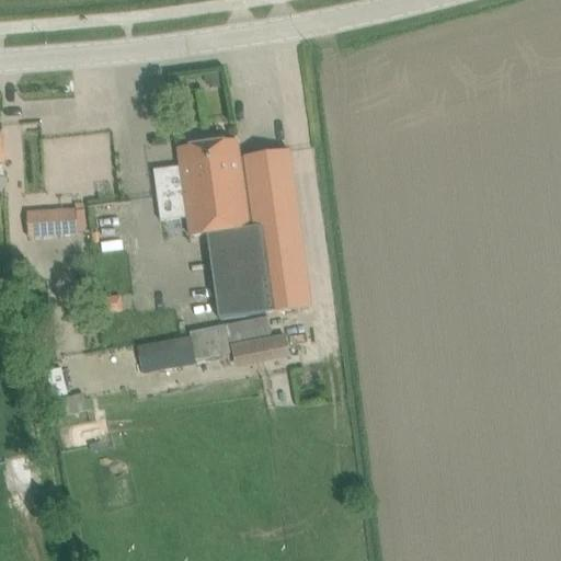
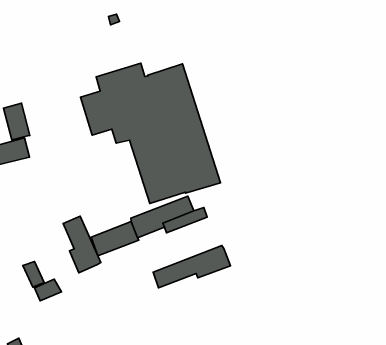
building: none -> [4,103,30,140]
building: none -> [63,216,101,273]
building: none -> [153,246,231,288]

